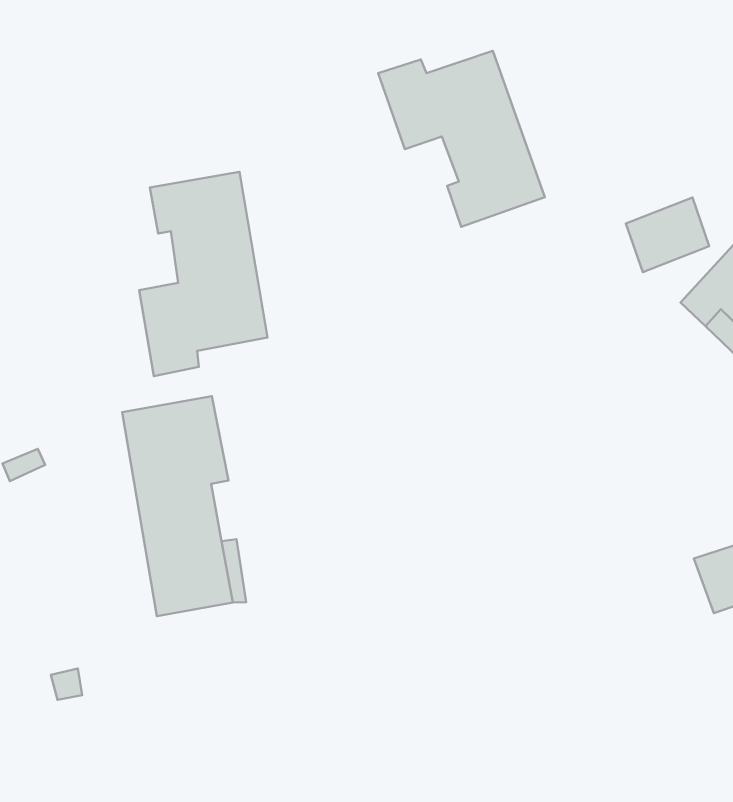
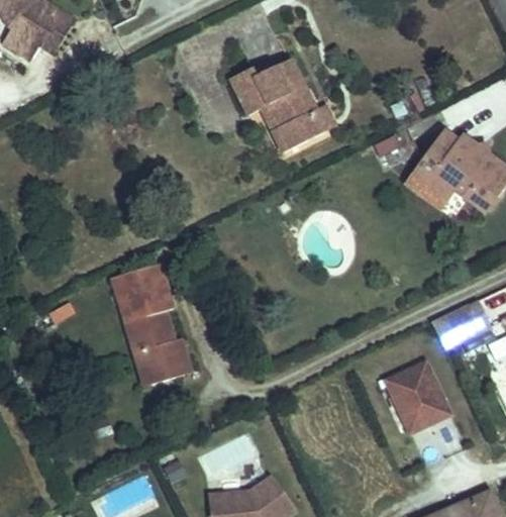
building: [139,172,267,376] -> none
building: none -> [385,360,450,428]

